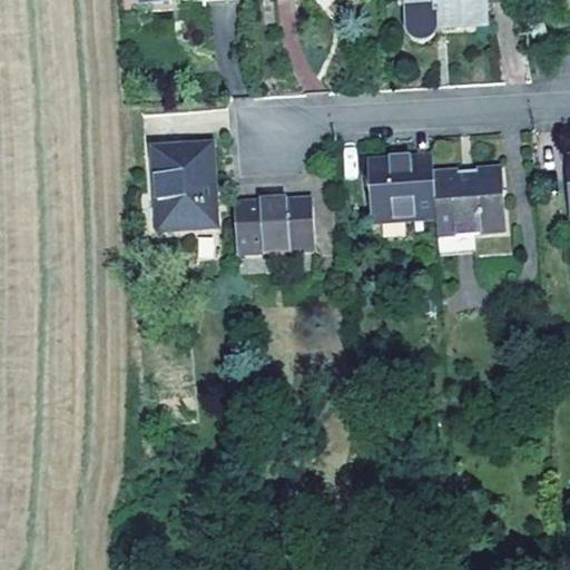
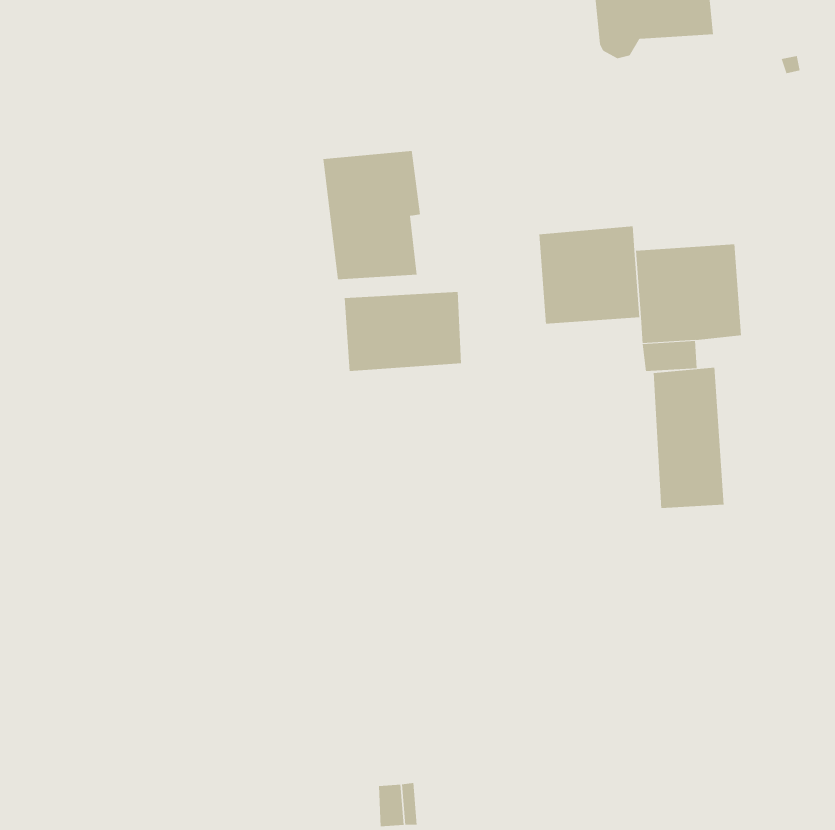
building: [150,141,217,229] -> [322,151,421,280]
building: none -> [653,367,724,509]

